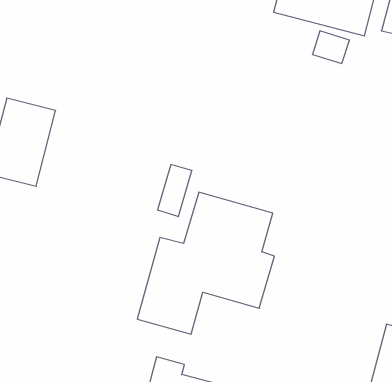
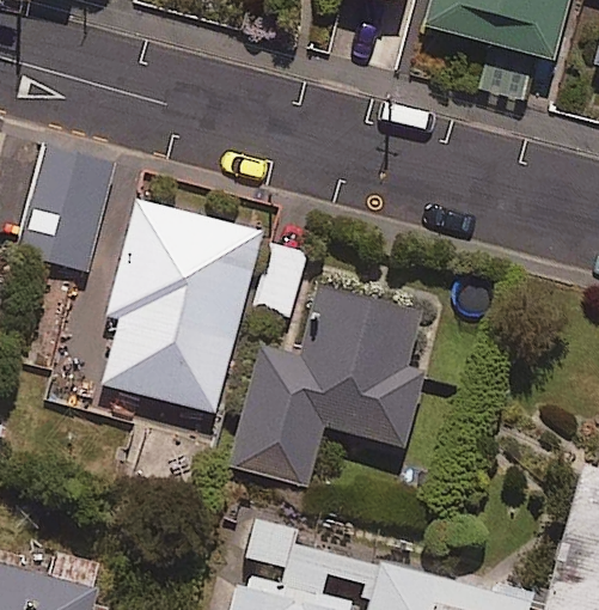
building: none -> [100,201,261,413]

